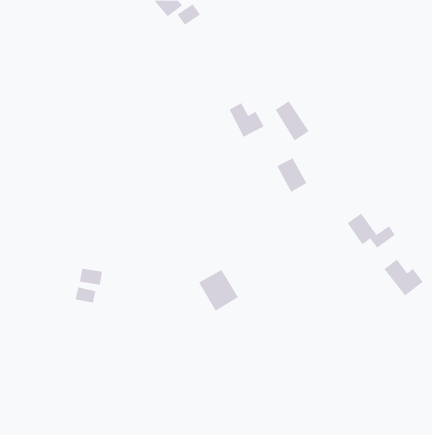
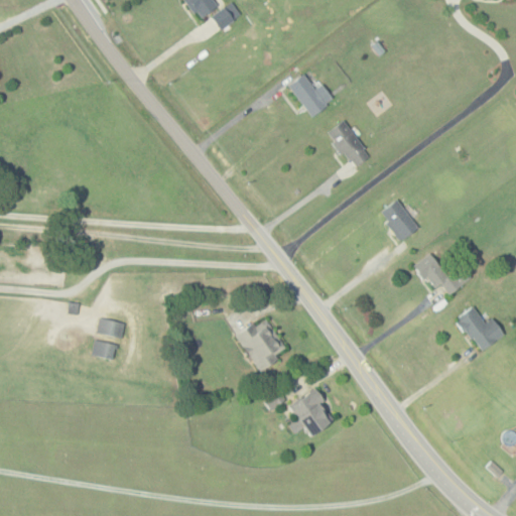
building: [229,103,264,137] -> [291,74,334,115]
building: [277,158,307,192] -> [381,199,417,240]
building: none -> [290,388,333,435]

